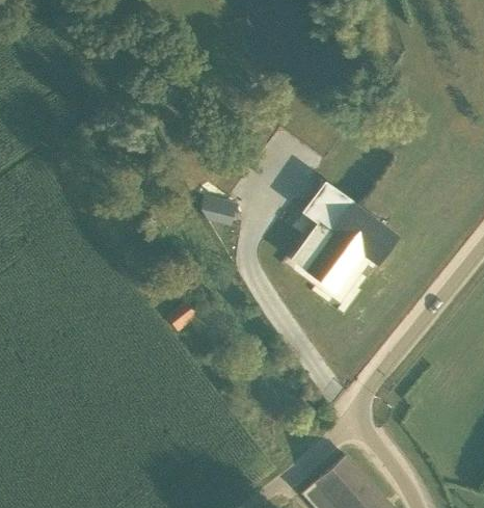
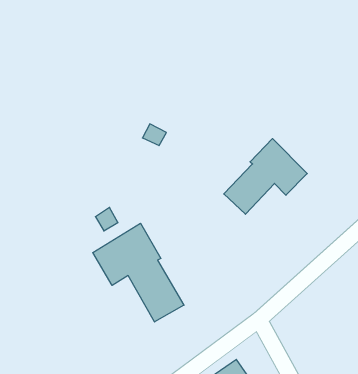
building: [293,189,354,272] -> none
building: none -> [93,223,184,322]

